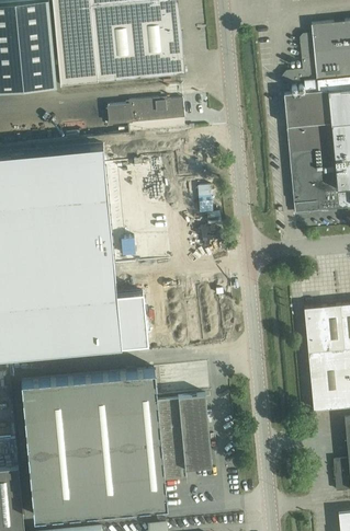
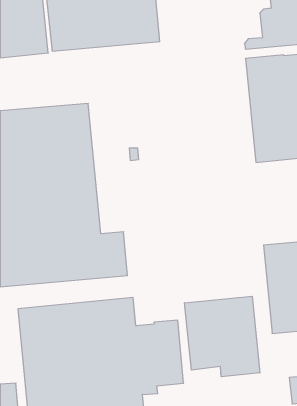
building: [108,100,184,125] -> none
building: none -> [185,296,260,377]

